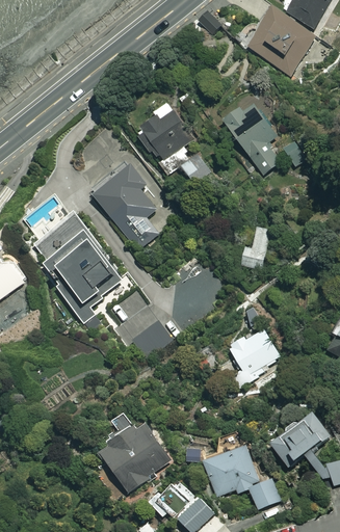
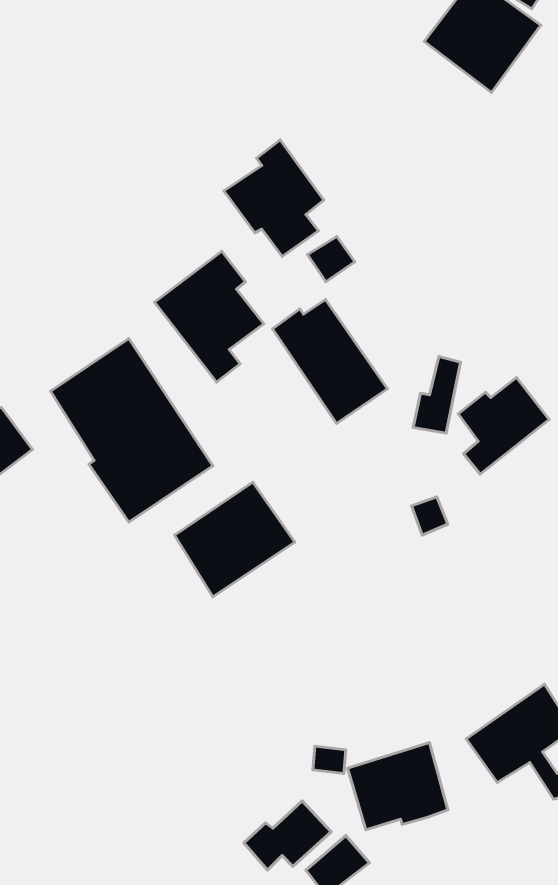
building: [224,103,289,174] -> [273,300,387,423]
building: [228,328,280,383] -> [458,378,549,474]
building: [104,411,169,494] -> none
building: [250,480,280,508] -> none

